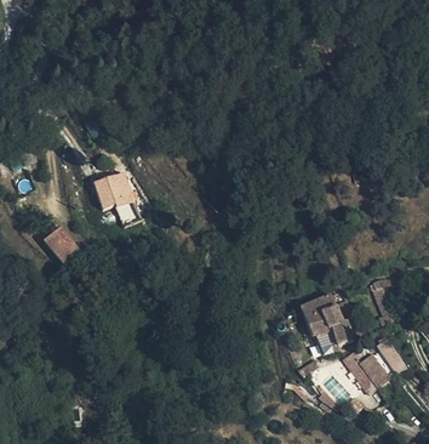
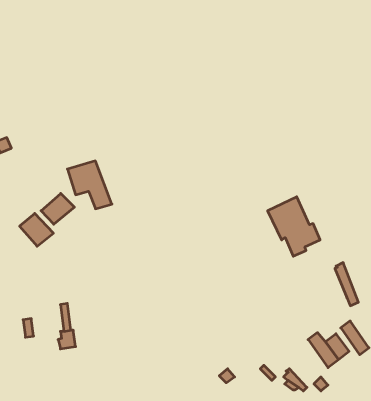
building: none -> [41,193,74,224]
building: [299,292,354,354] -> [268,197,320,256]

